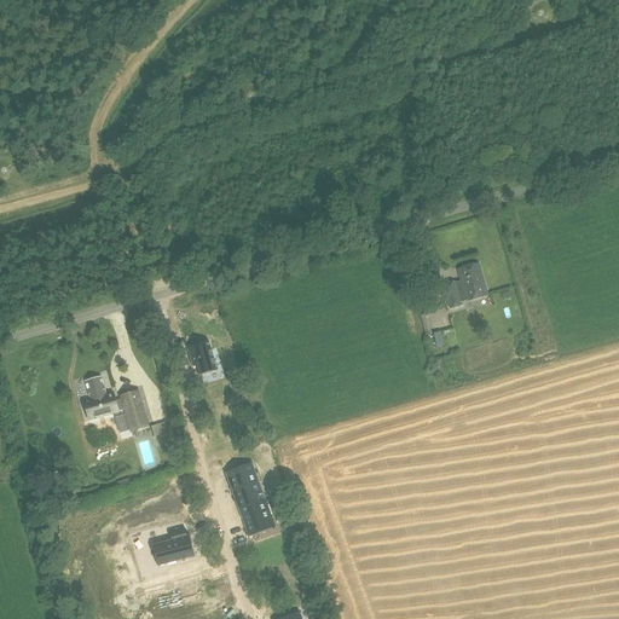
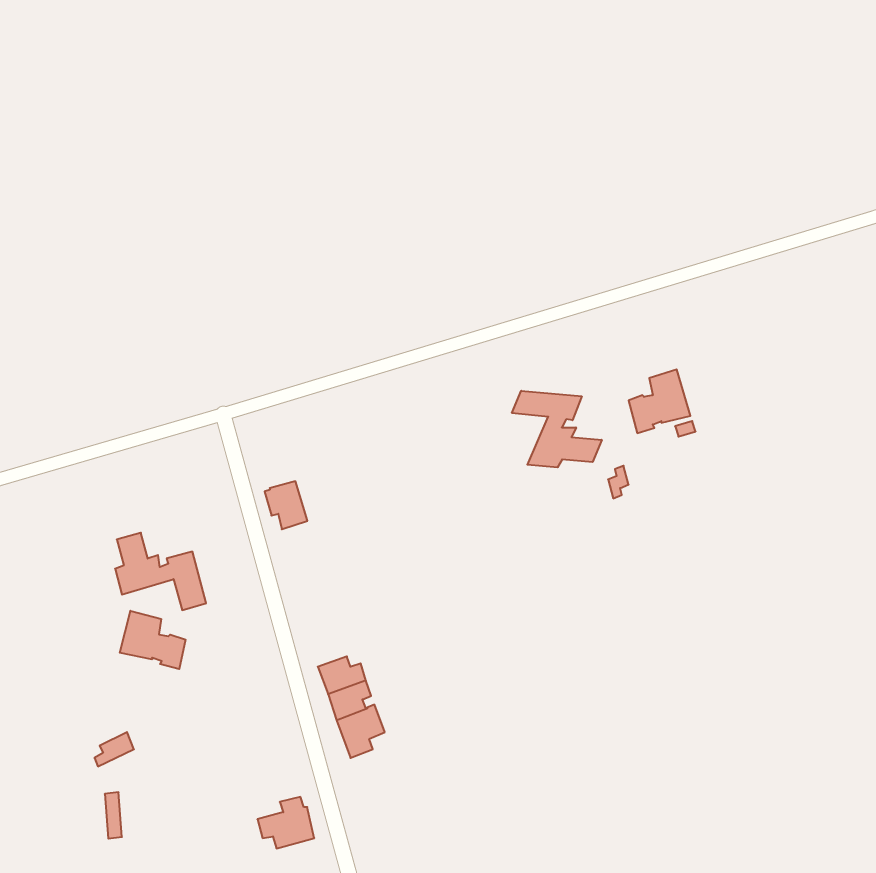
building: none -> [512,391,602,467]
building: none -> [120,611,186,669]
building: [152,525,192,561] -> [257,797,314,848]

